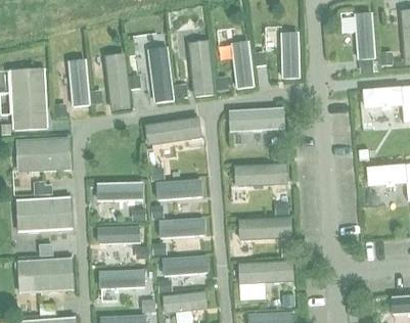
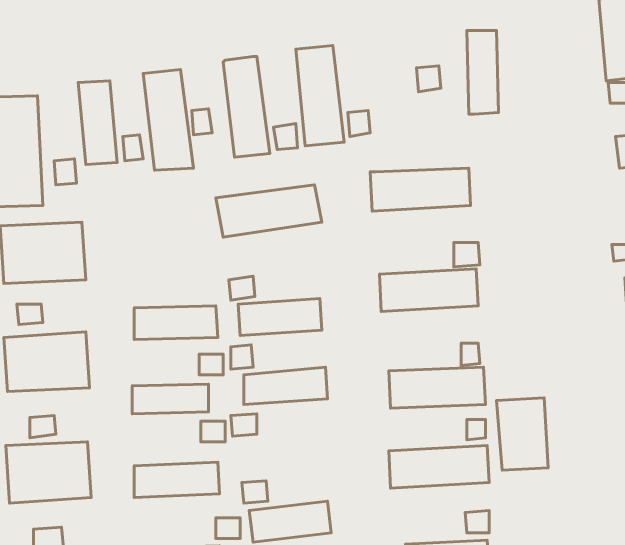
building: [231,40,254,88] -> none
building: none -> [497,398,548,470]
building: [162,255,208,276] -> none

